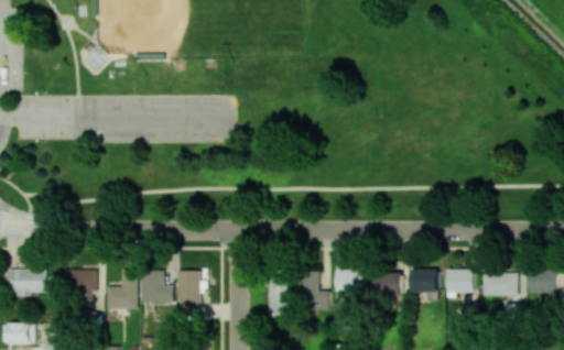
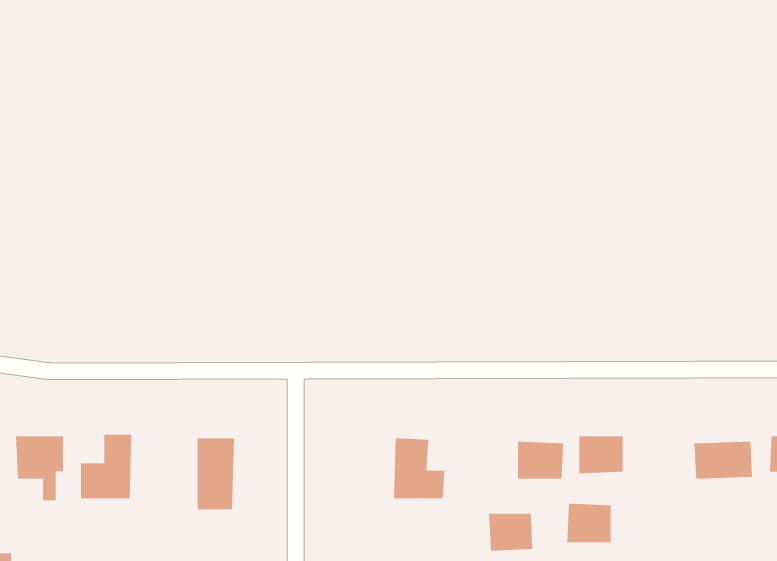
building: [447,269,475,293] -> [566,503,611,543]
building: [140,270,174,303] -> none
building: [337,270,365,293] -> [488,513,533,551]
building: [268,277,291,317] -> none

